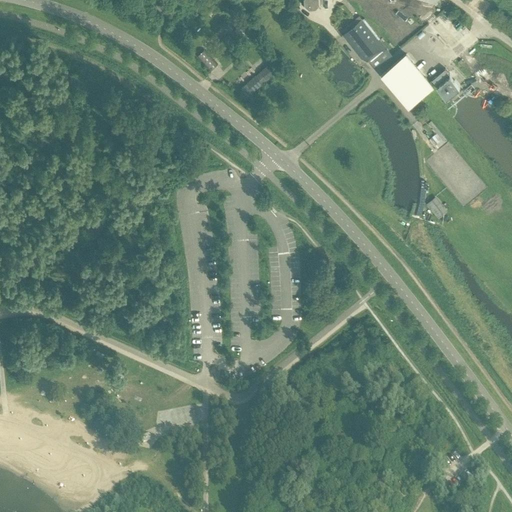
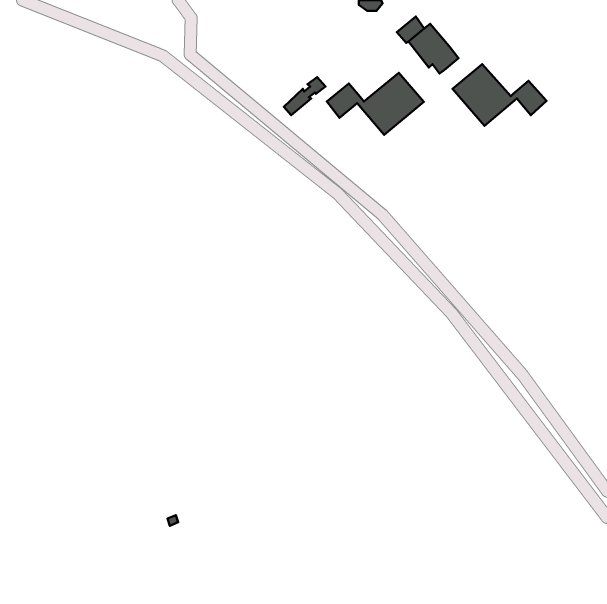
building: none -> [327,73,424,135]

